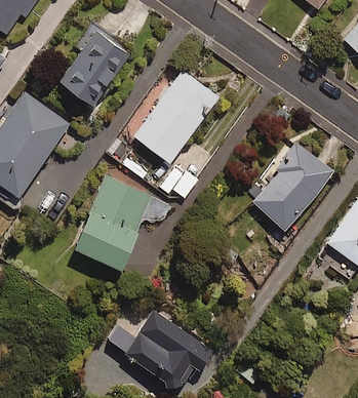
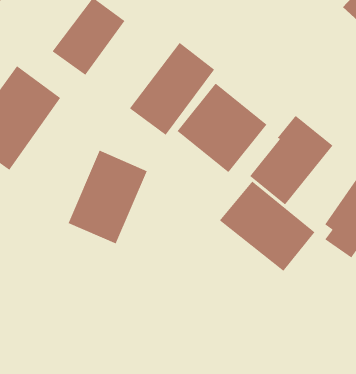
building: none -> [176,82,268,173]
building: none -> [219,180,315,272]
building: [109,310,213,389] -> none

